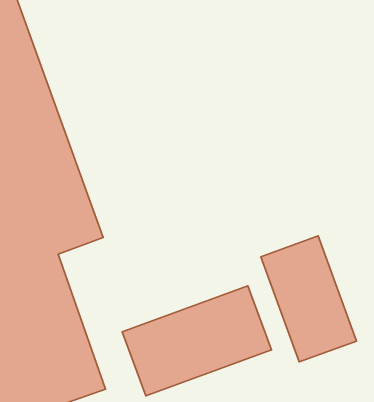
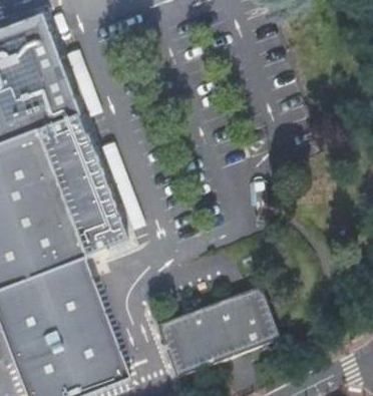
building: [261,236,356,362] -> none

